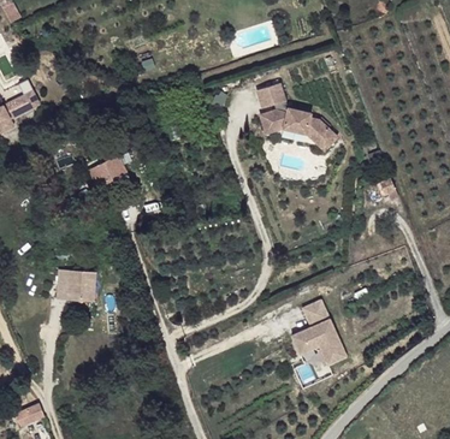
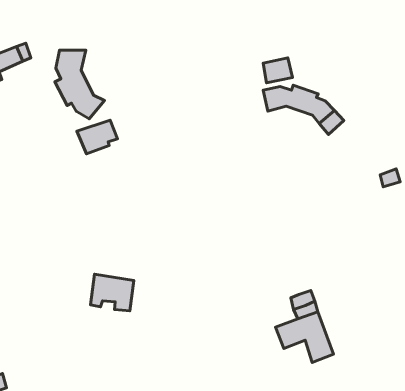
building: none -> [55,50,104,119]
building: [57,269,95,301] -> [90,274,134,311]

